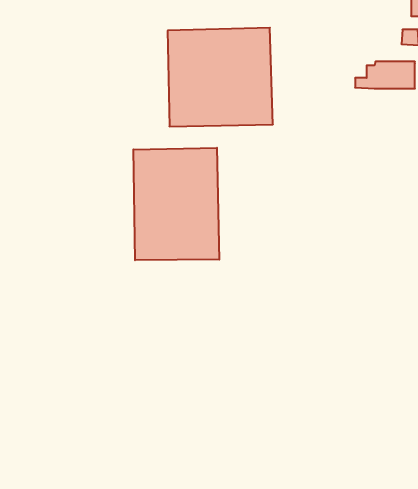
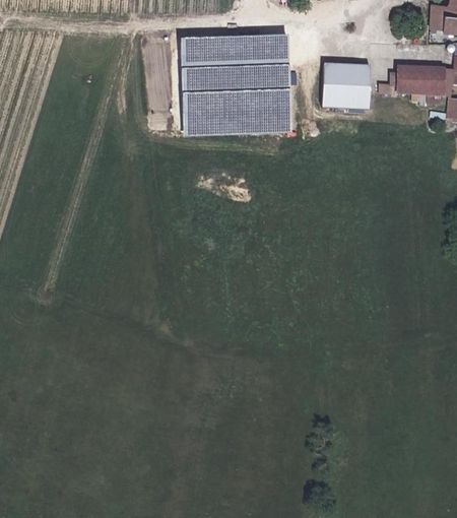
building: none -> [323,64,371,110]
building: [133,148,219,260] -> none

